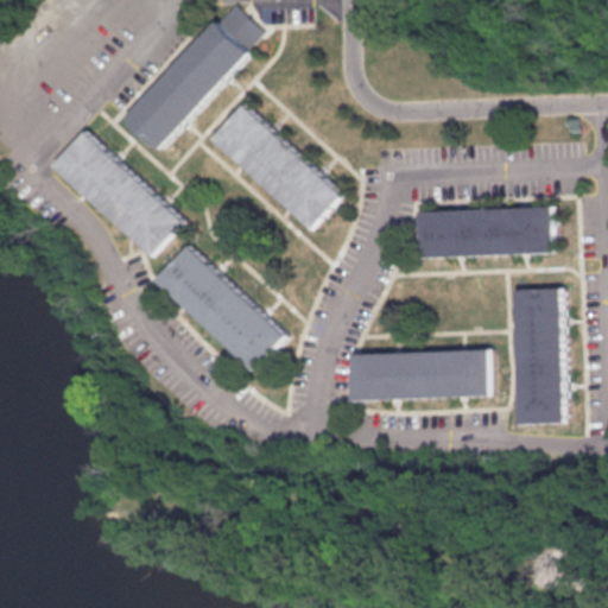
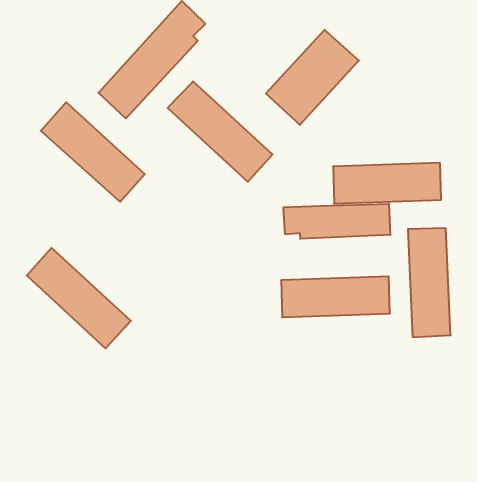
building: none -> [266,30,359,125]
building: [156,245,286,370] -> [27,248,131,348]
building: none -> [284,204,390,239]

